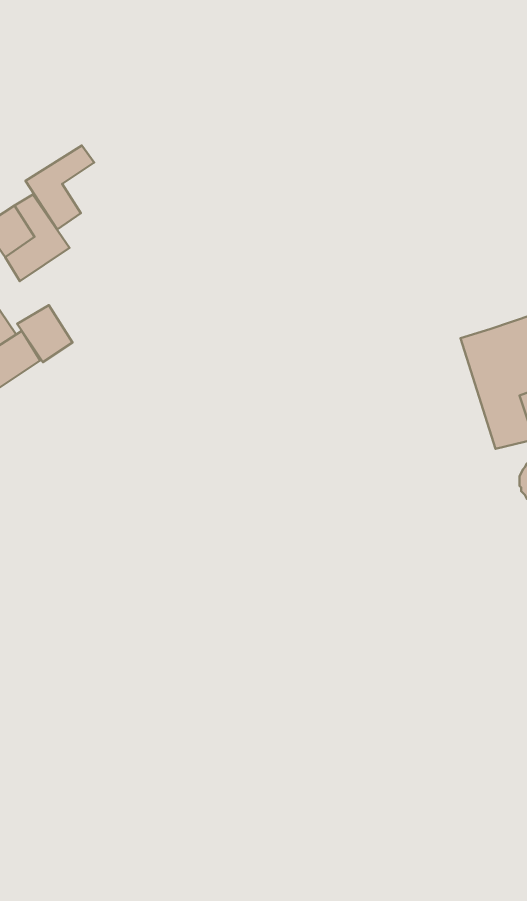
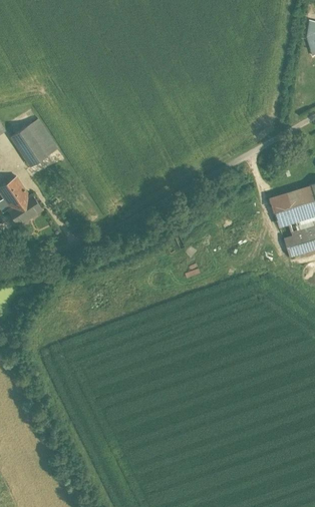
building: [26,146,94,230] -> none
building: [17,305,73,362] -> none

